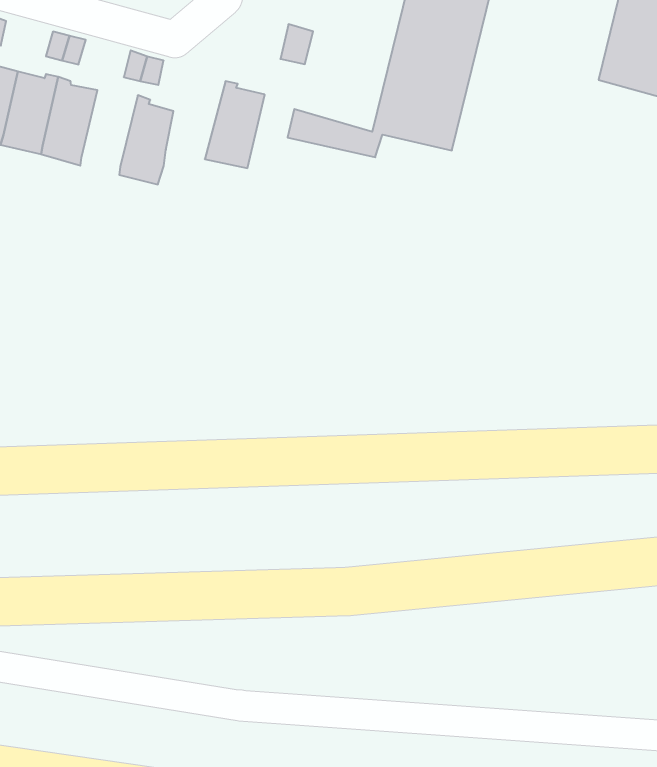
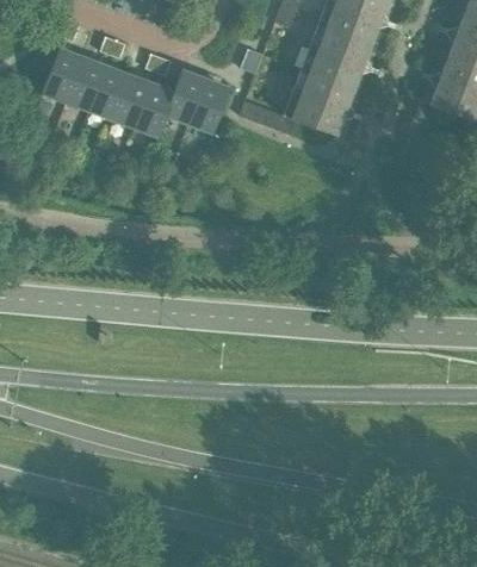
building: none -> [163,70,204,123]
building: none -> [111,74,150,126]

